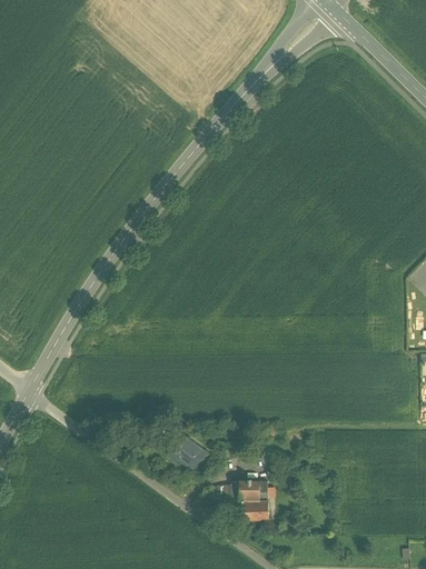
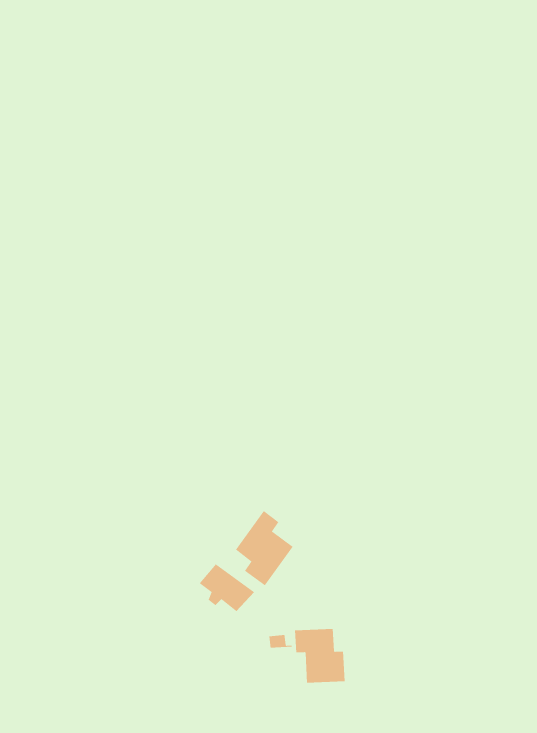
building: none -> [235,510,293,586]

